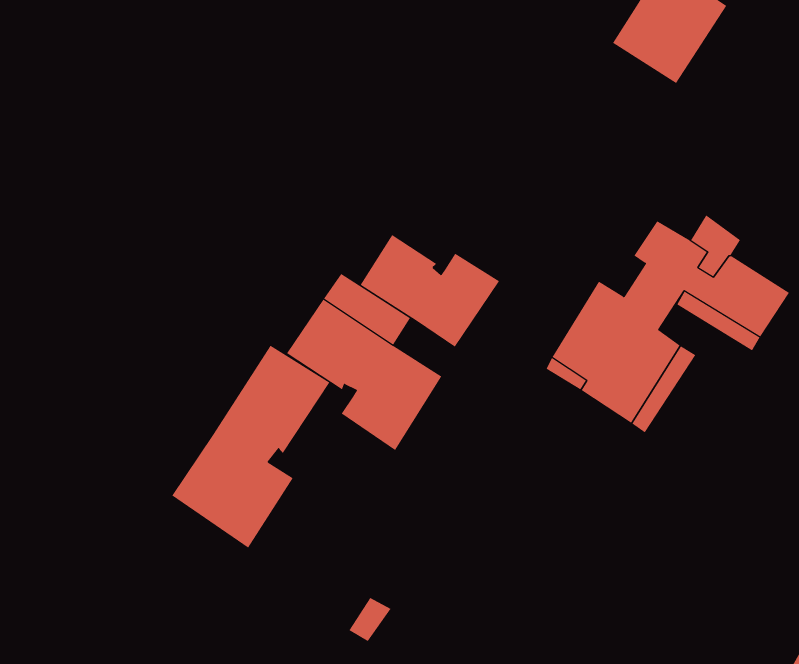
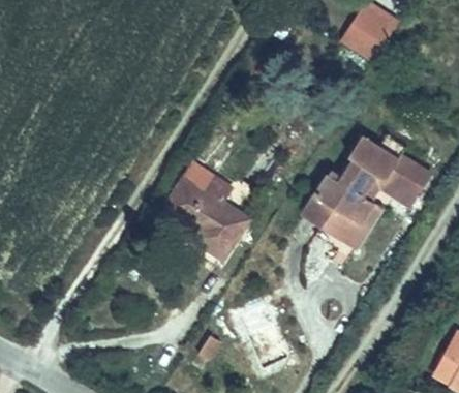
building: [360,234,500,347] -> none
building: [171,345,330,549] -> none

